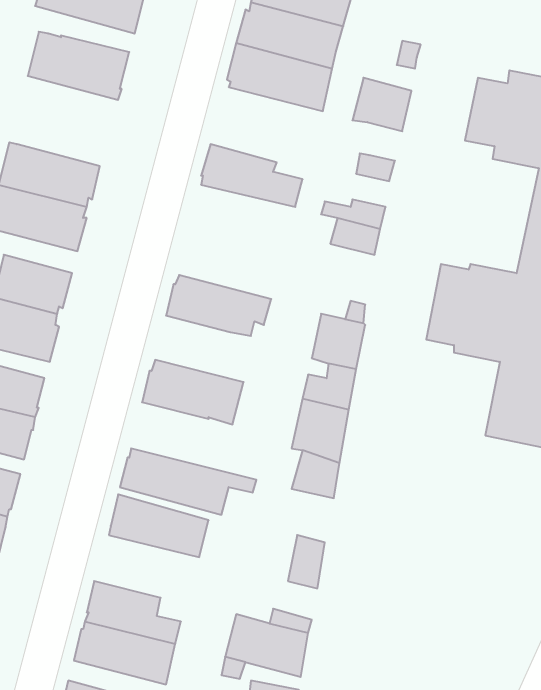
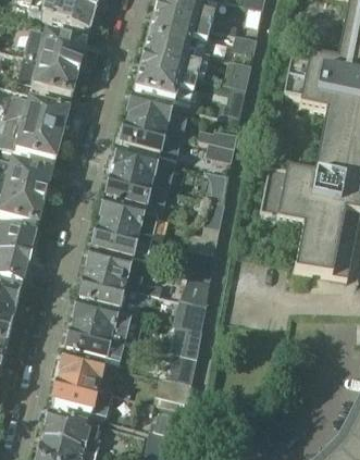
building: none -> [17,52,78,91]
building: none -> [135,59,199,99]
building: none -> [120,116,183,153]
building: none -> [113,146,172,184]
building: none -> [100,197,158,233]
building: none -> [86,248,161,290]
building: none -> [178,296,206,327]
building: none -> [65,323,126,360]

